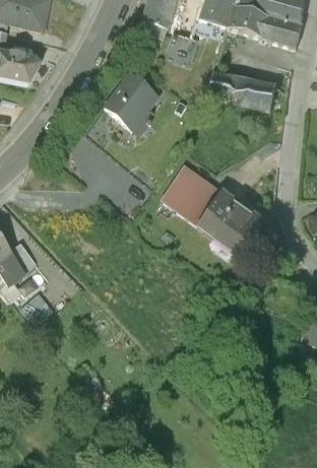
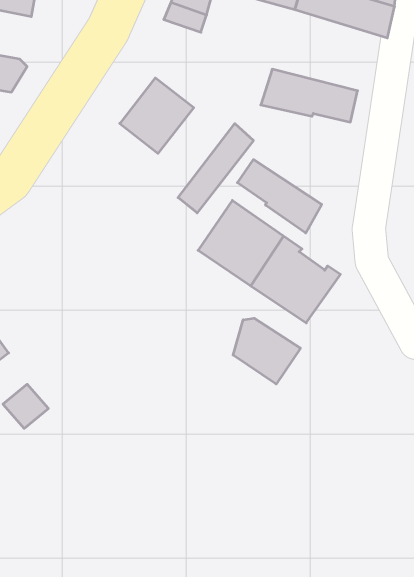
building: none -> [178,124,253,213]
building: none -> [237,160,322,233]
building: none -> [233,318,300,384]

